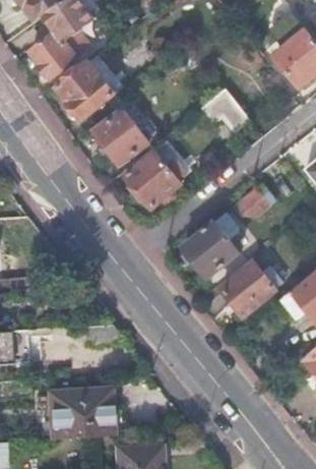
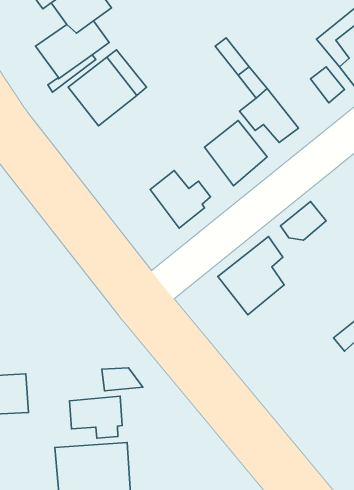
building: [94,111,147,166] -> [204,121,267,186]
building: [219,263,275,317] -> none
building: none -> [70,396,122,438]

